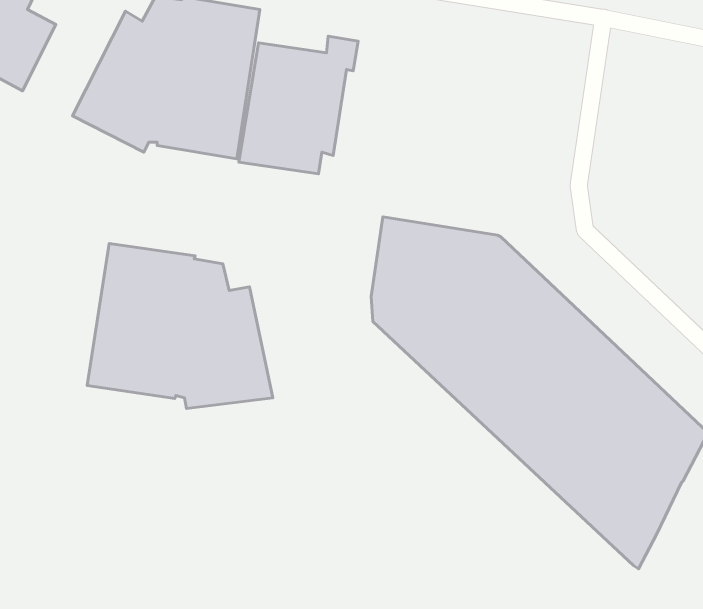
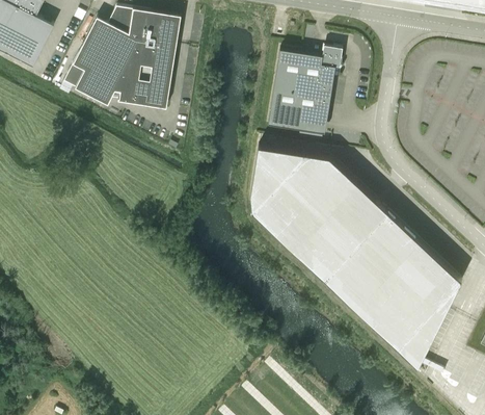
building: [239,36,358,174] -> [267,45,342,131]
building: [87,243,273,409] -> none

